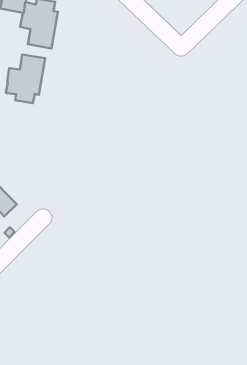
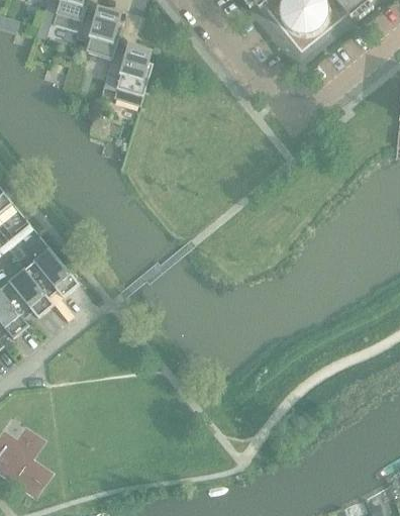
building: [6,54,45,103] -> none

